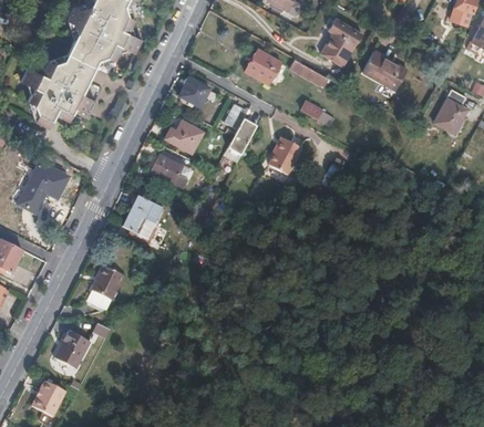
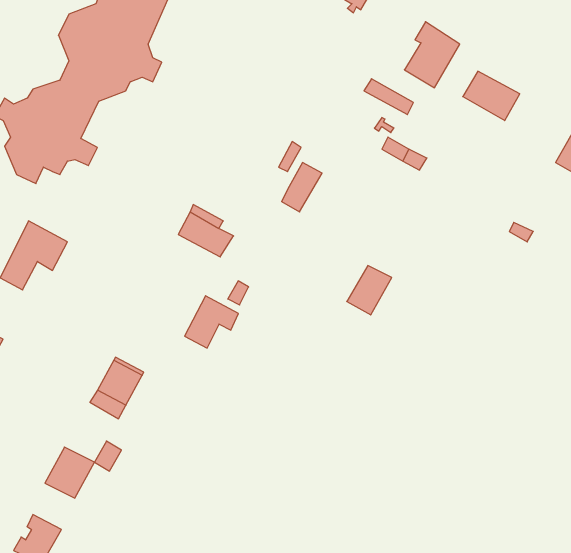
building: [246,50,281,83] -> none
building: [181,79,212,108] -> none
building: [172,123,204,154] -> none
building: [272,131,306,167] -> [347,266,392,315]
building: [122,197,162,236] -> [185,296,238,348]

